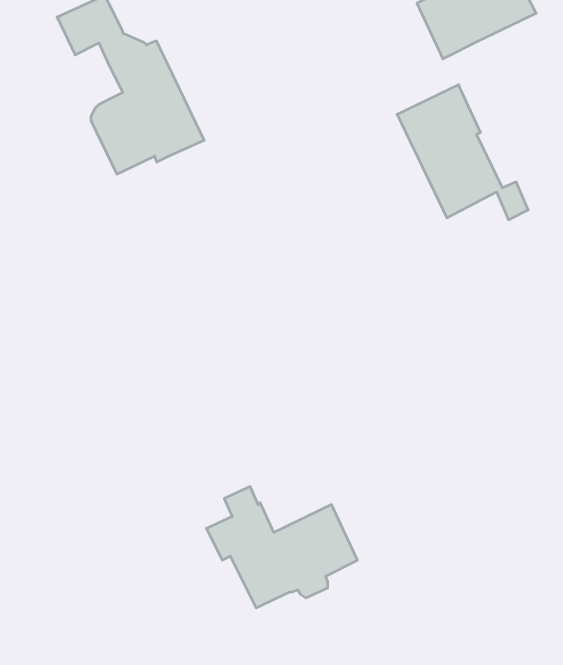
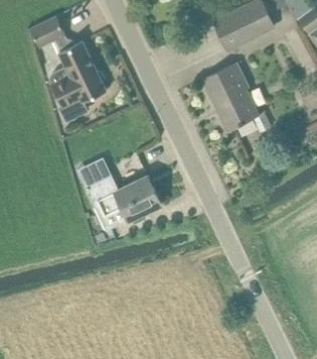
building: [206,487,357,608] -> [84,166,160,228]

